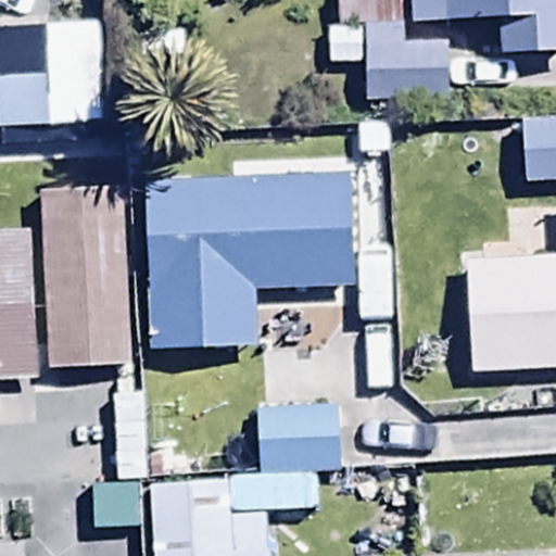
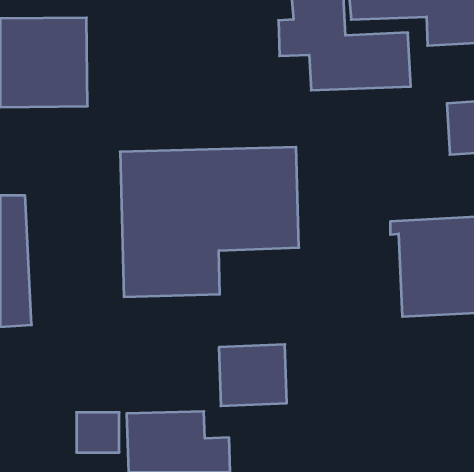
building: [40,186,131,367] -> none

